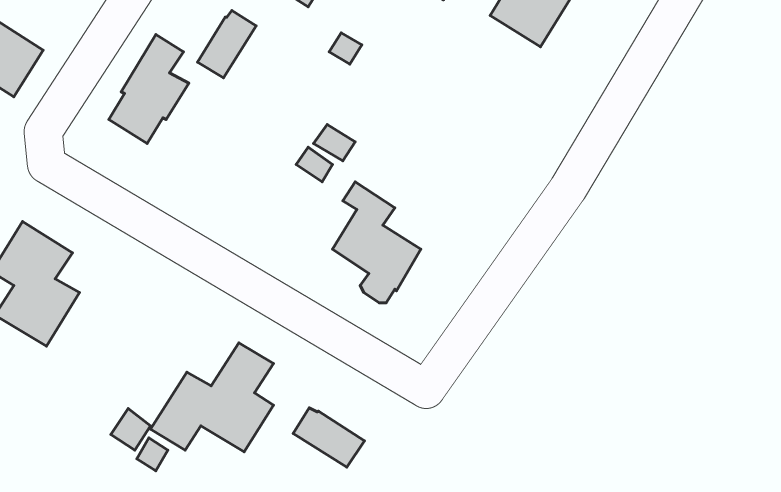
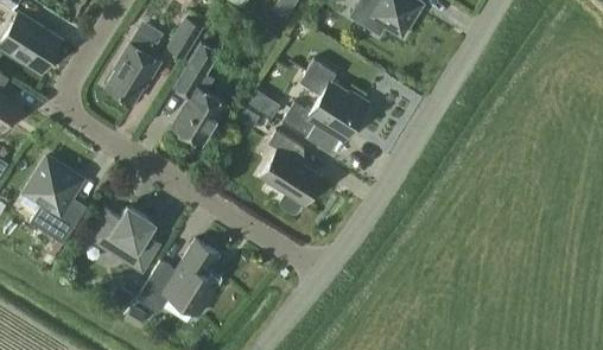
building: none -> [172,43,226,145]
building: none -> [283,59,368,140]
building: none -> [88,206,153,271]
building: [293,408,364,467] -> none

